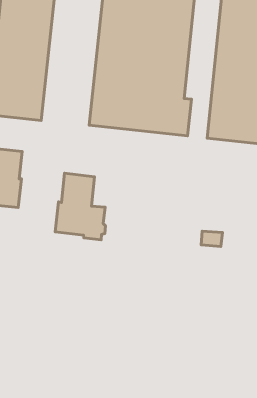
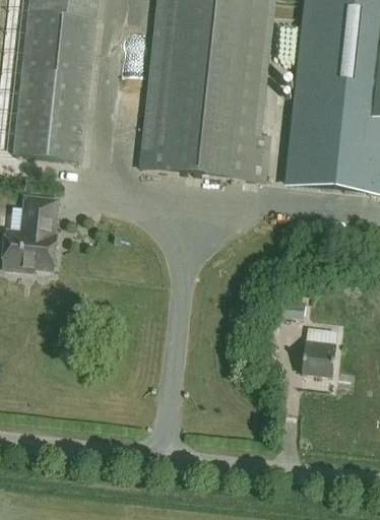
building: [55,173,106,240] -> none
building: none -> [305,338,339,375]

